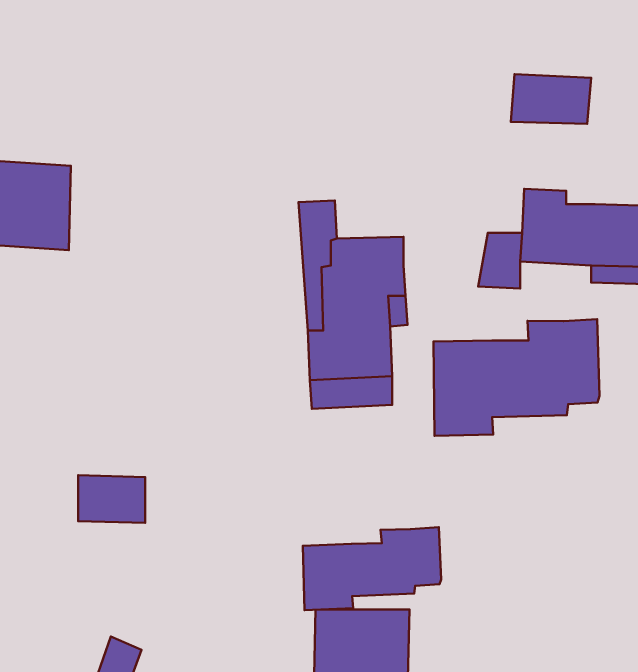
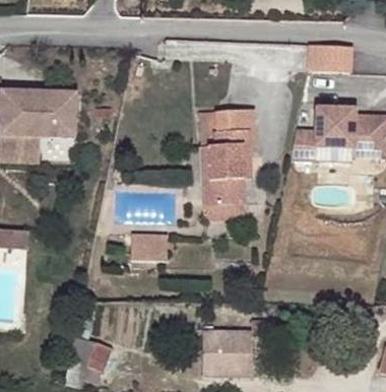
building: none -> [215,110,258,131]
building: [434,319,599,436] -> none
building: [78,475,145,523] -> [130,236,166,261]
building: [303,527,441,610] -> none

